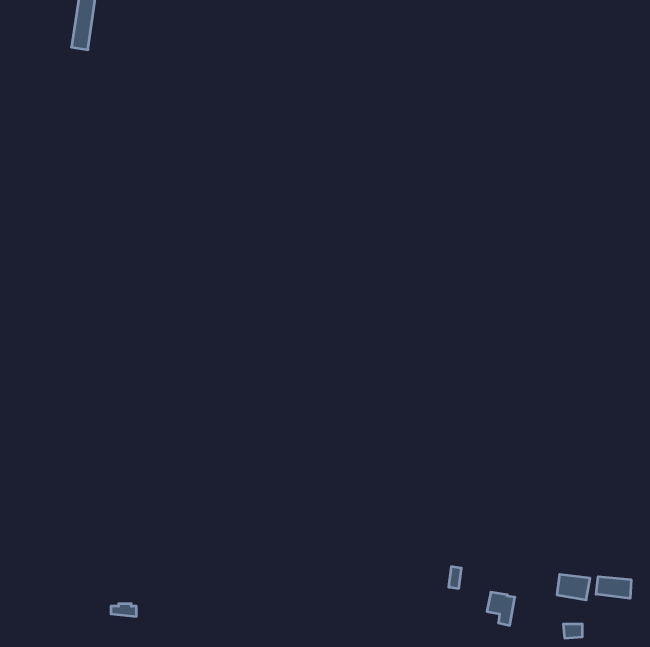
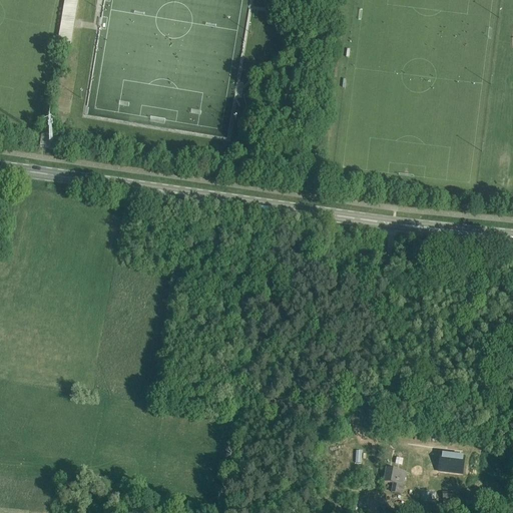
building: [596,577,631,598] -> none

